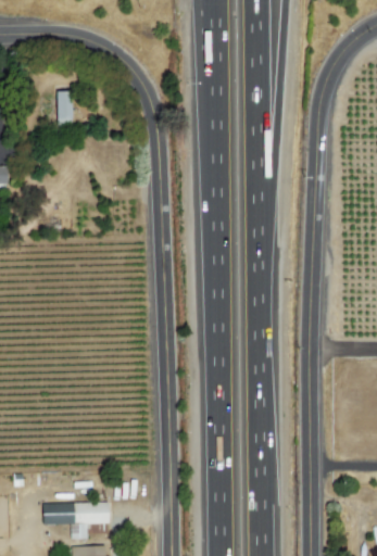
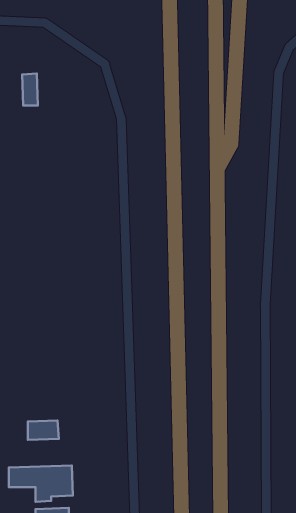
building: none -> [28,421,59,440]

